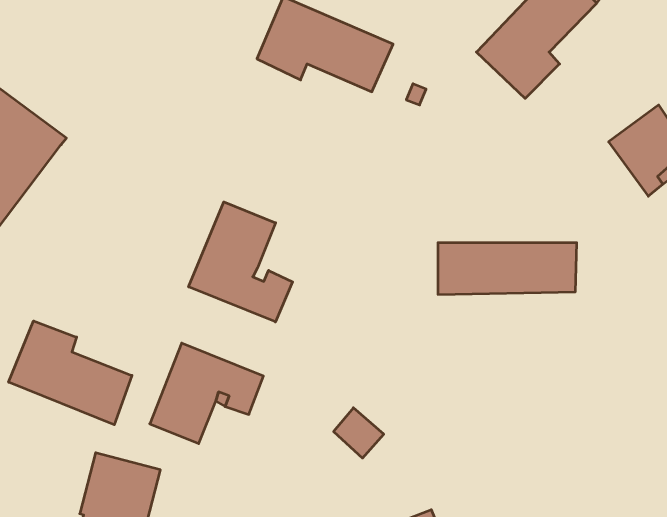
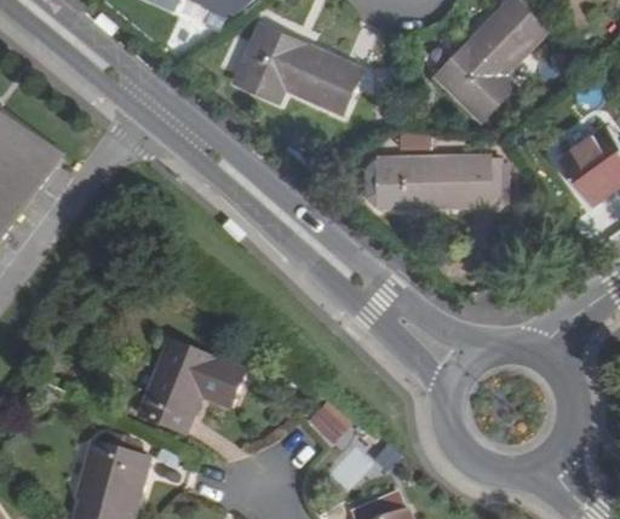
building: [189,202,293,322] -> none
building: [438,243,577,294] -> [381,158,509,206]
building: [9,321,132,425] -> none

